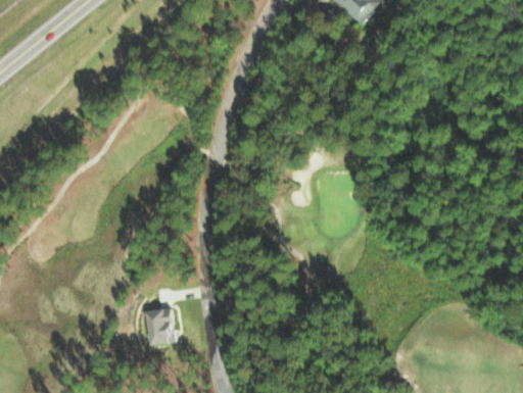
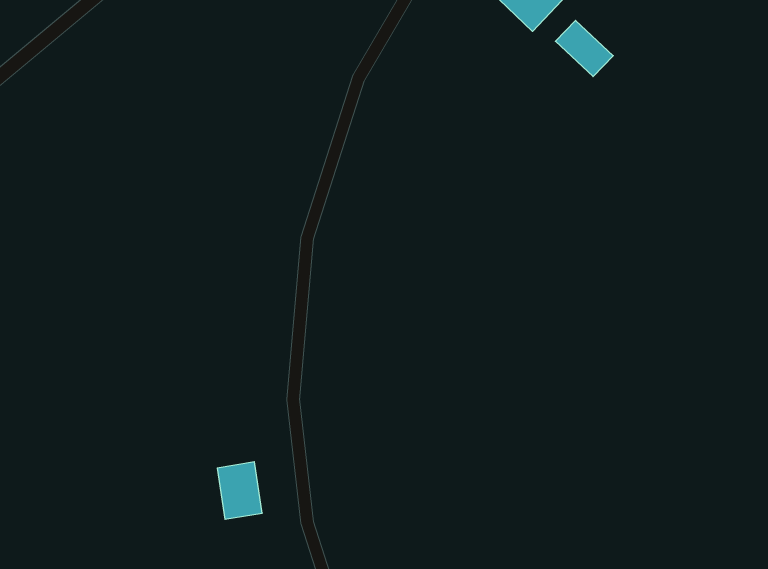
building: none -> [555,20,613,77]

